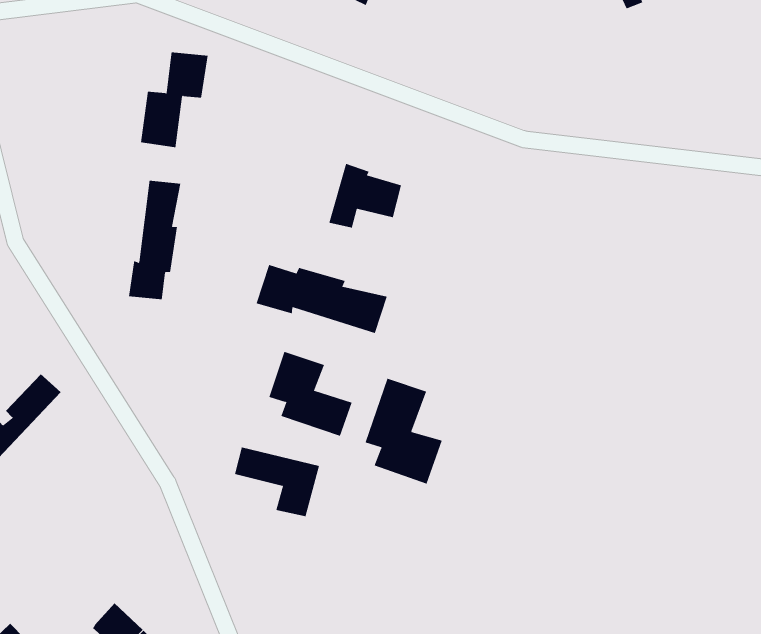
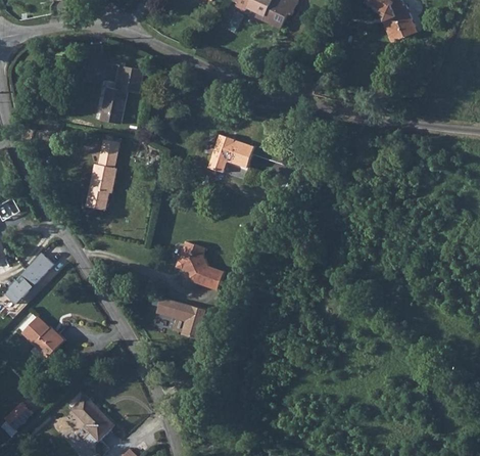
building: [256,264,387,334] -> none
building: [365,378,442,485] -> none
building: none -> [21,316,63,356]

